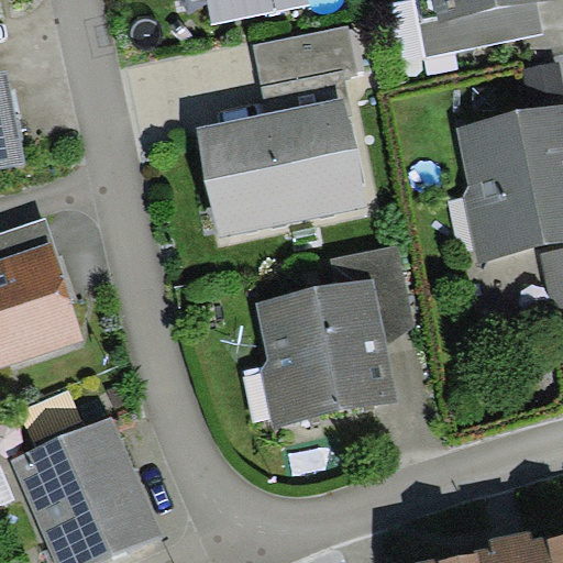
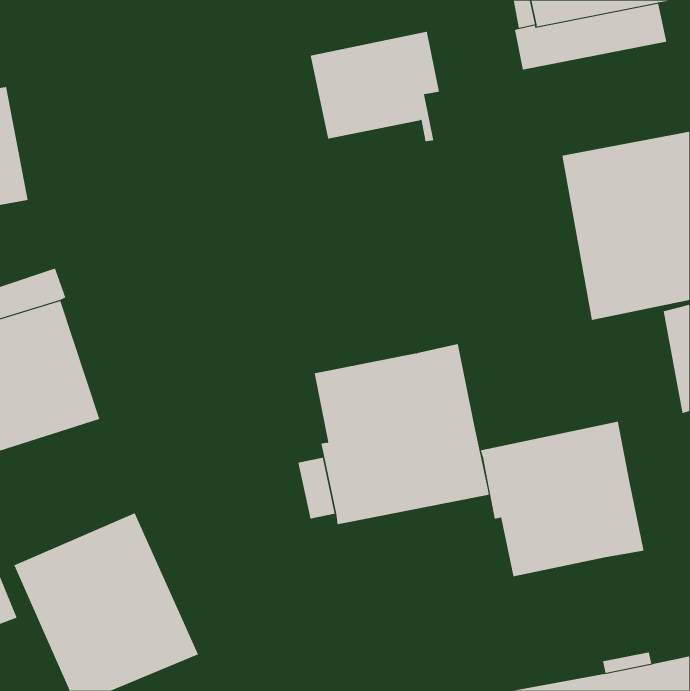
building: [196,98,365,238] -> none
building: [333,245,415,345] -> none
building: none -> [480,421,644,577]

